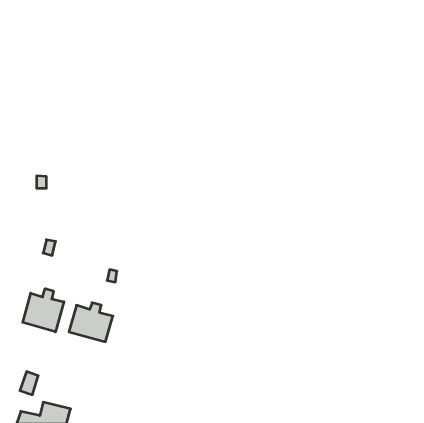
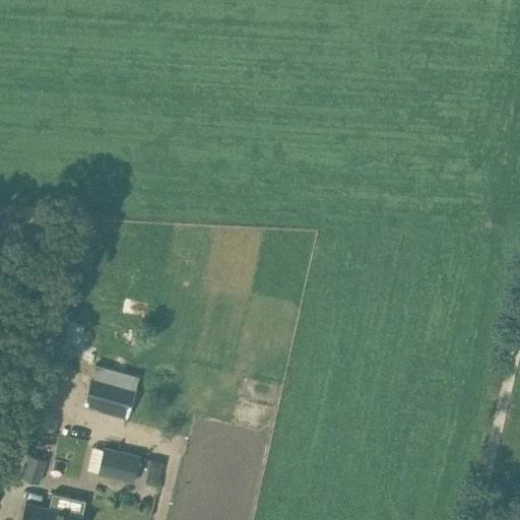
building: [23,289,64,332] -> none
building: none -> [99,447,142,483]

